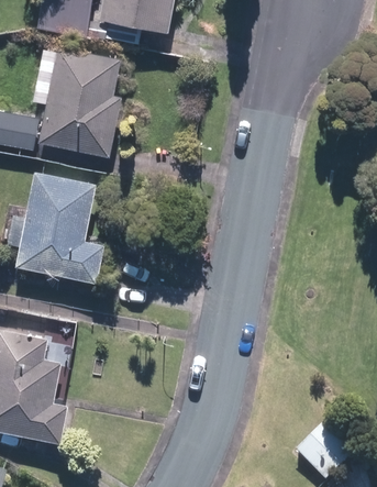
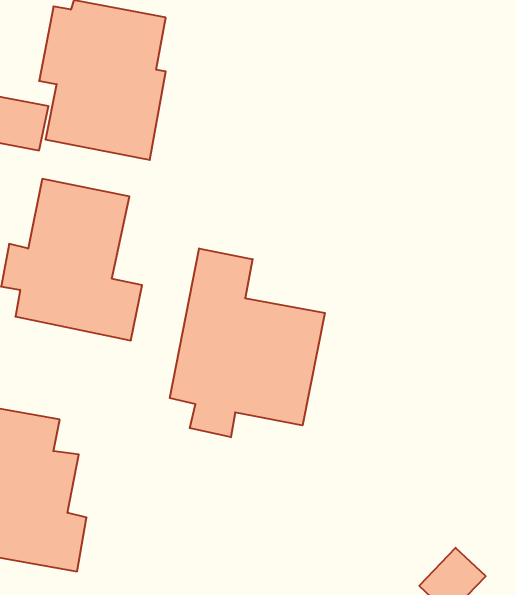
building: none -> [170,248,325,437]

